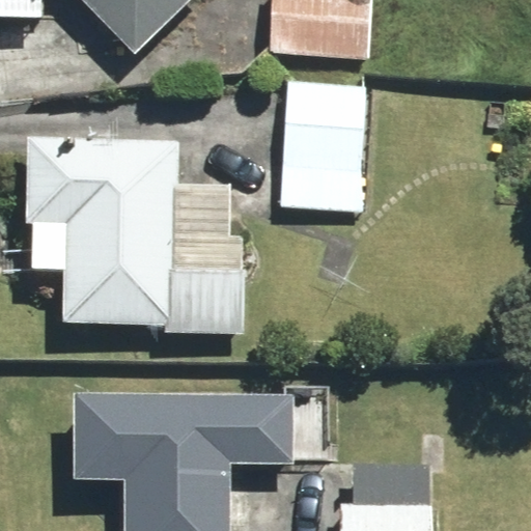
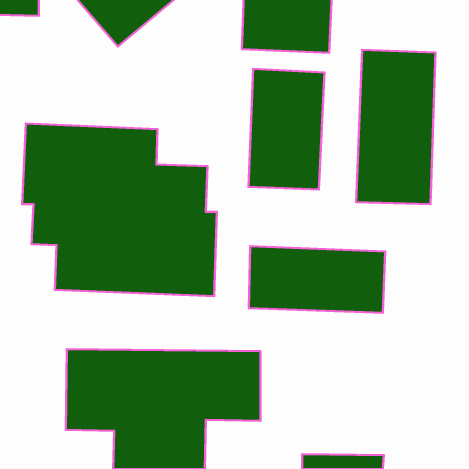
building: none -> [356,50,435,204]
building: none -> [249,246,385,313]

